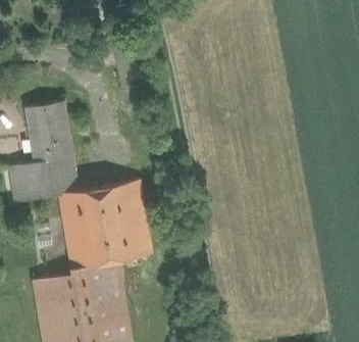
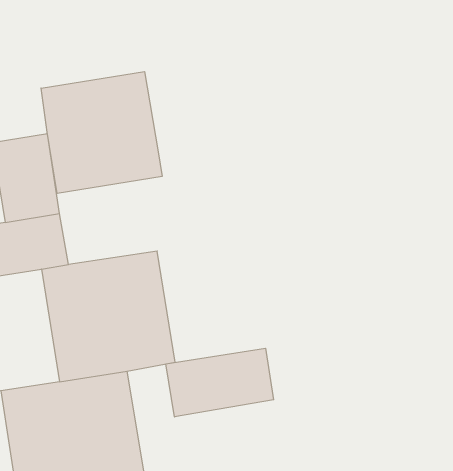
building: none -> [41,72,162,193]
building: none -> [166,348,274,417]

